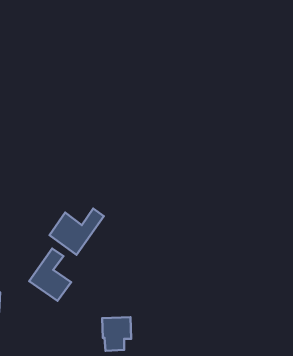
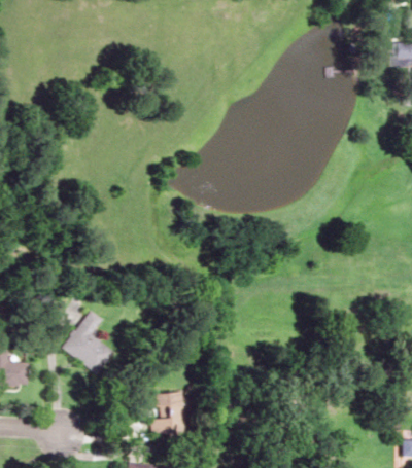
building: [50,209,104,255] -> none

